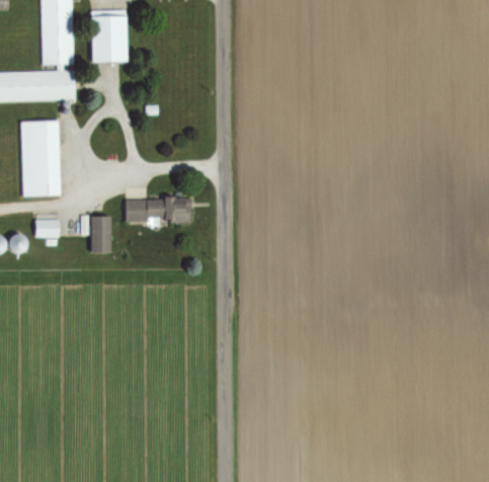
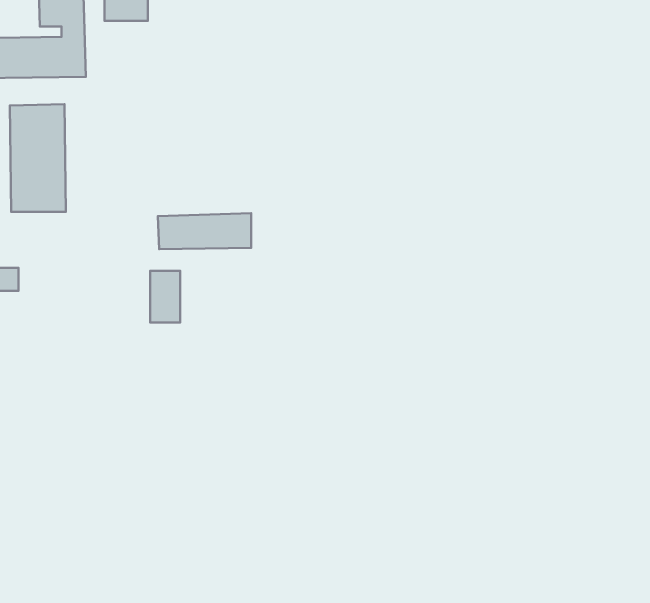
building: [91,215,112,251] -> [150,271,180,322]
building: [35,219,60,237] -> none

